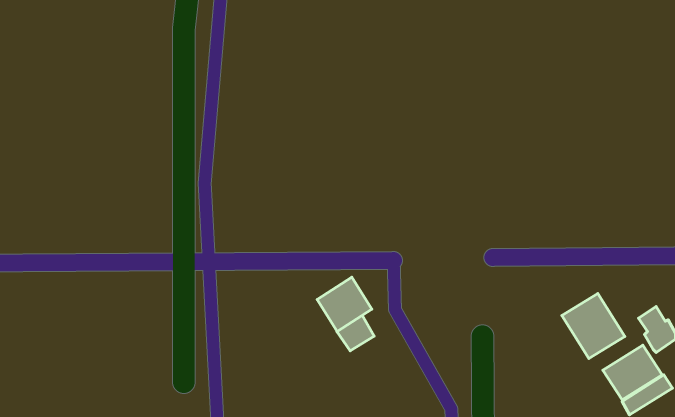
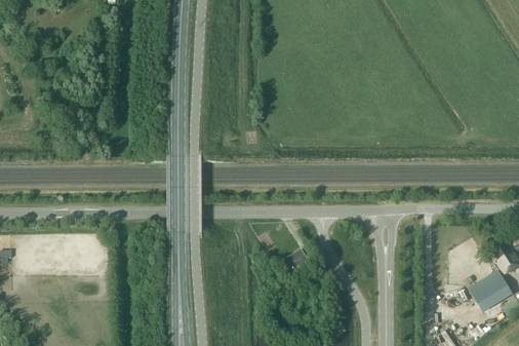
building: [317,277,372,331] -> none
building: [562,294,625,359] -> none

